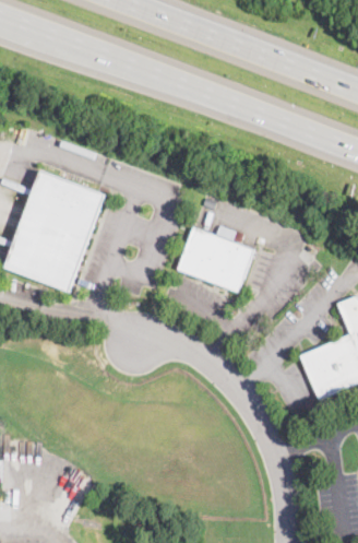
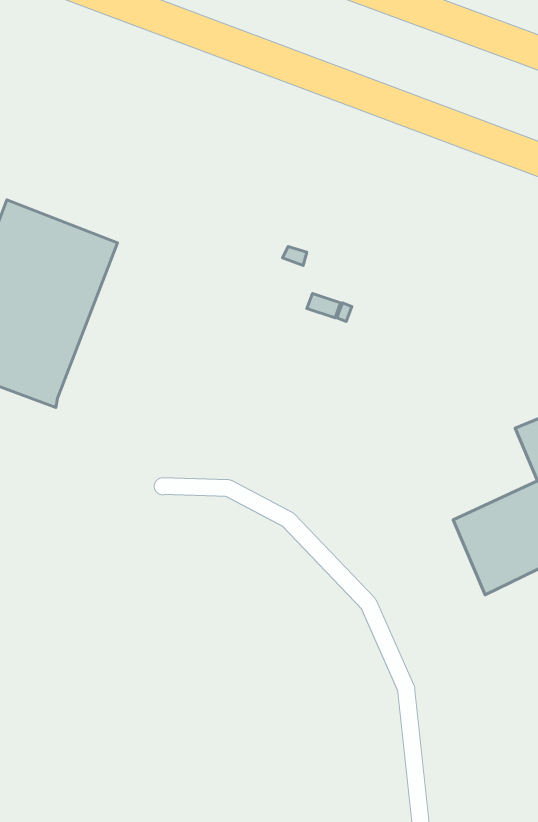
building: [177,228,253,293] -> none

